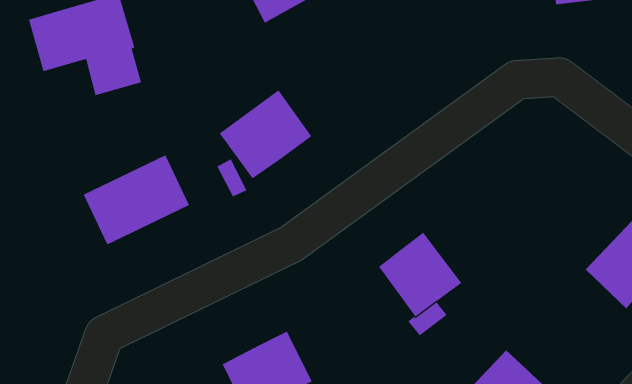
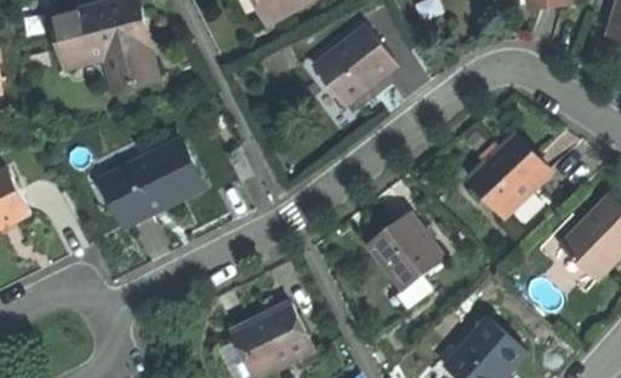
building: [219,90,312,179] -> [315,23,400,104]
building: none -> [468,134,552,217]

